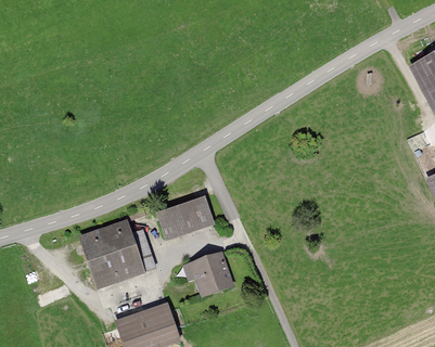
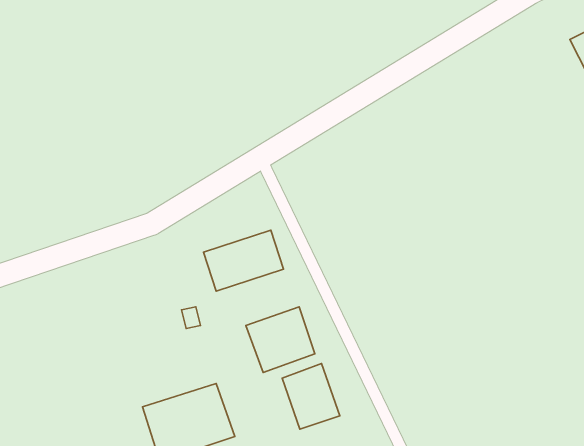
building: [80,219,146,288] -> none
building: none -> [282,363,340,429]

